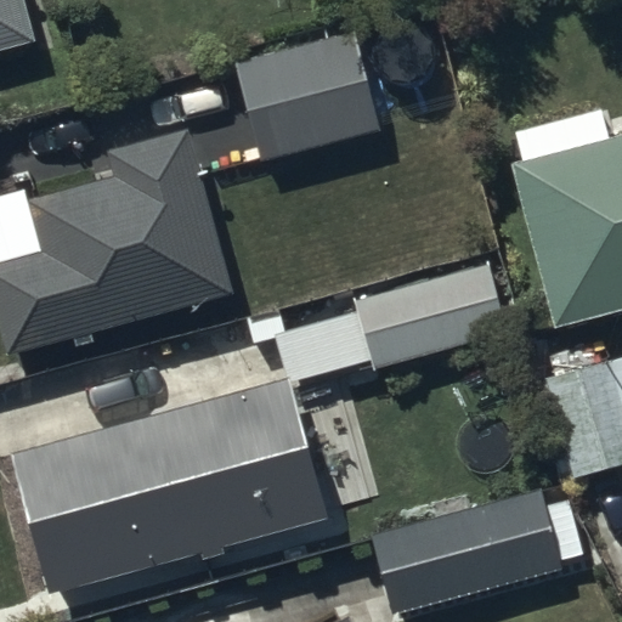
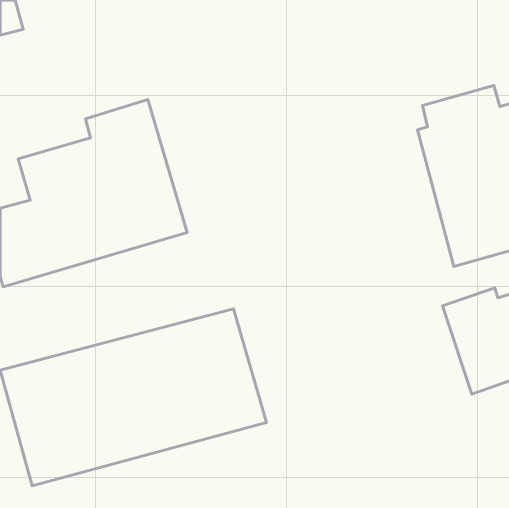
building: [236,33,381,160] -> none
building: [277,261,510,380] -> none
building: [375,494,560,616] -> none

